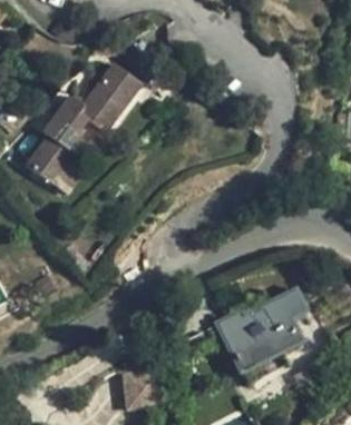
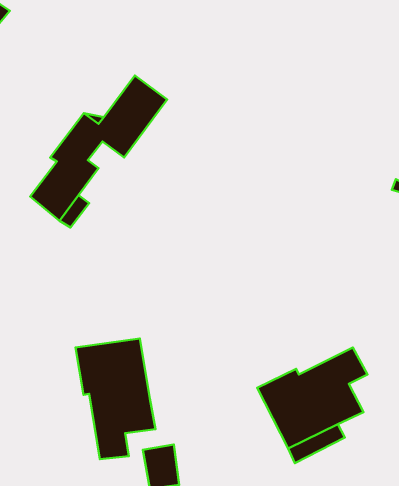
building: none -> [76,338,155,459]

